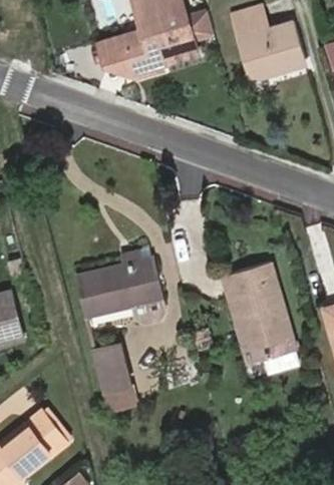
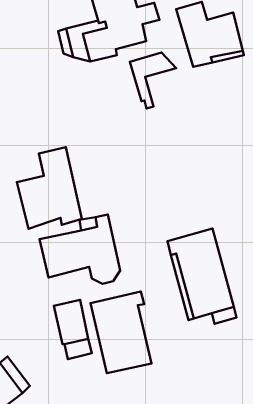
building: none -> [130,53,176,108]
building: none -> [17,147,82,229]
building: none -> [91,292,152,373]

